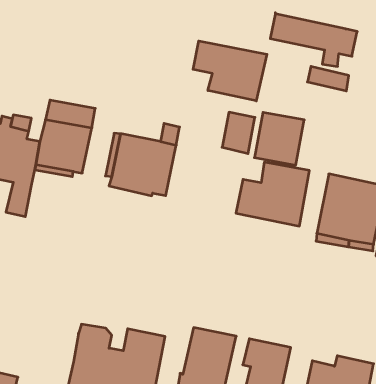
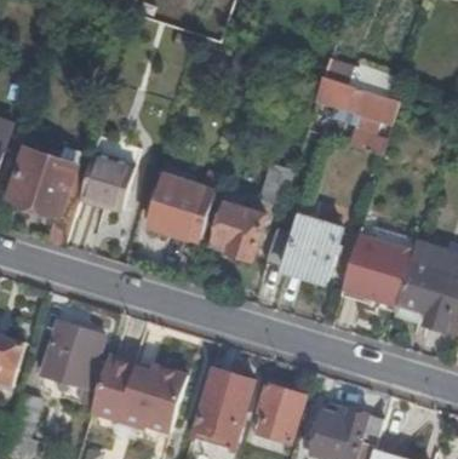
building: [193,41,267,101] -> none
building: [254,112,304,165] -> [213,203,264,257]
building: none -> [39,320,104,389]

